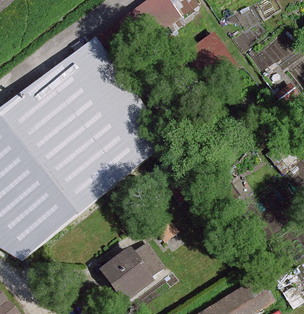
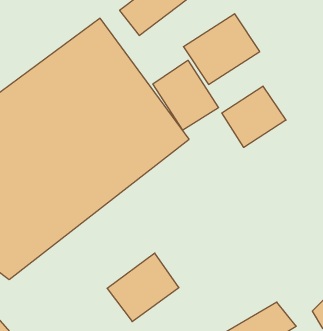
building: none -> [153,60,219,130]
building: none -> [222,86,286,147]

